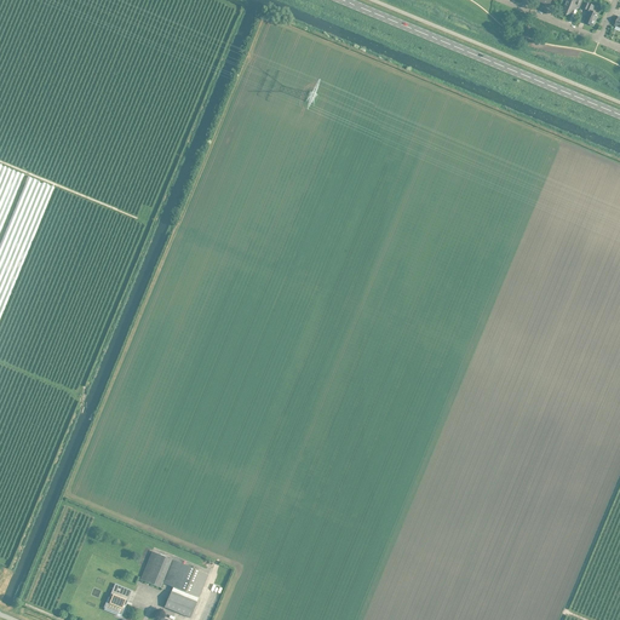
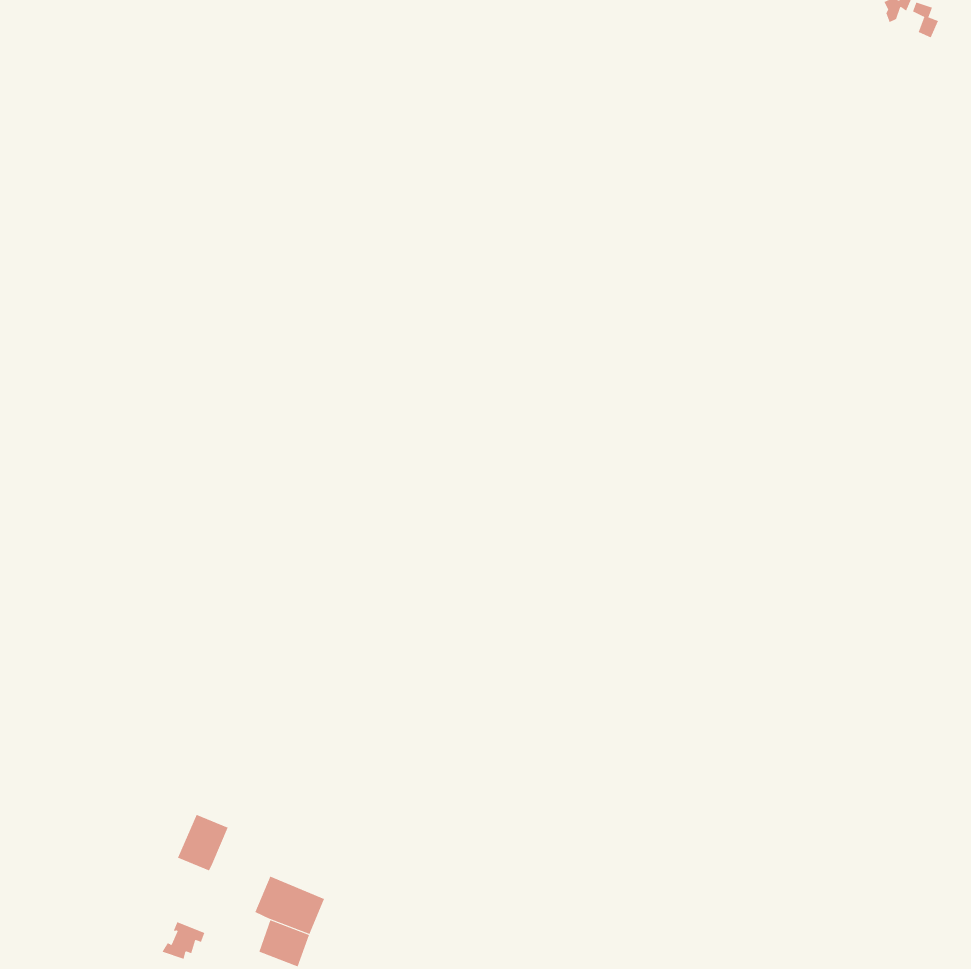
building: [139,550,172,586] -> [177,814,228,871]

